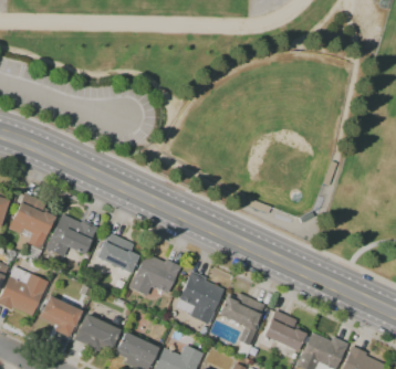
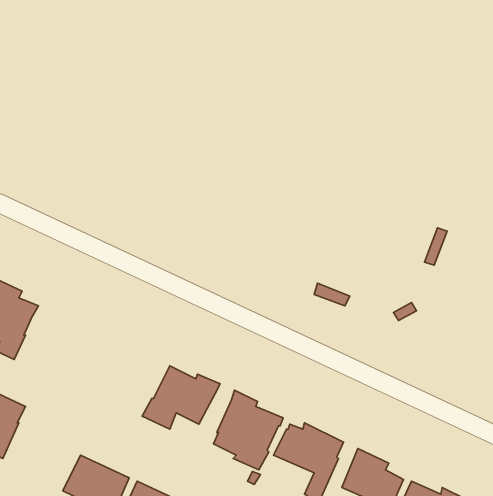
building: [45,214,97,257] -> none
building: [96,232,139,274] -> none
building: [40,296,82,338] -> none

